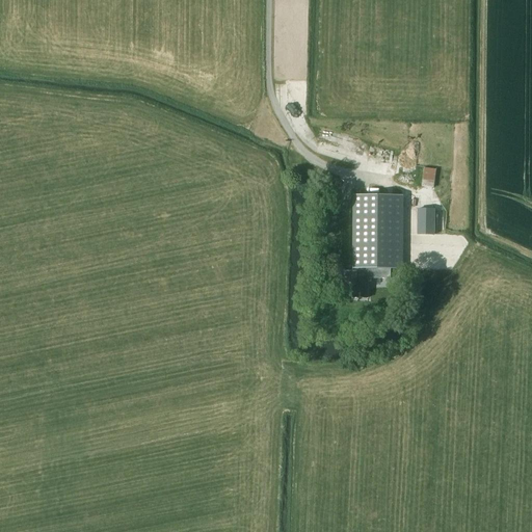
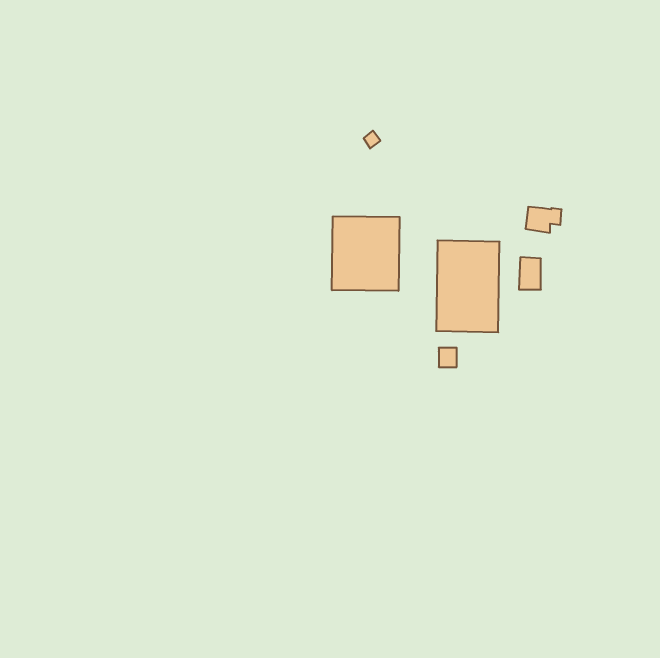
building: none -> [332,216,400,291]

